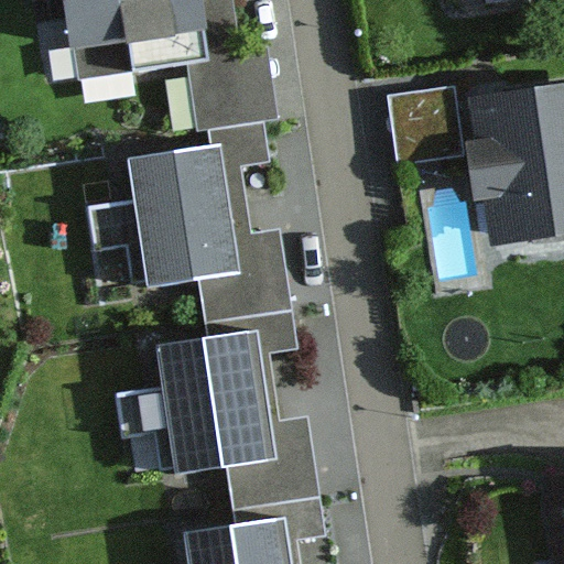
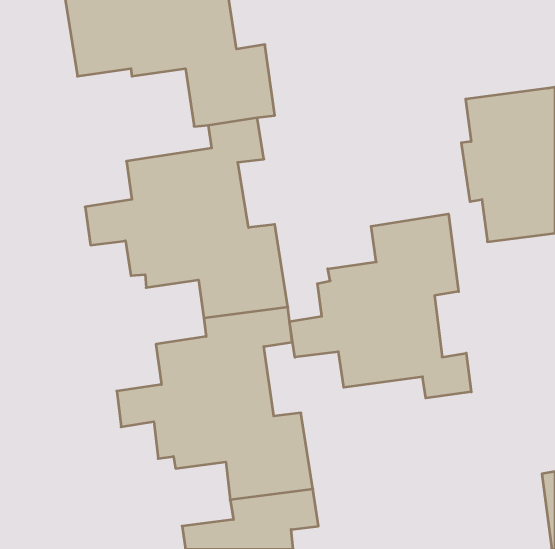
building: [388,84,460,160] -> none
building: none -> [290,214,471,398]

